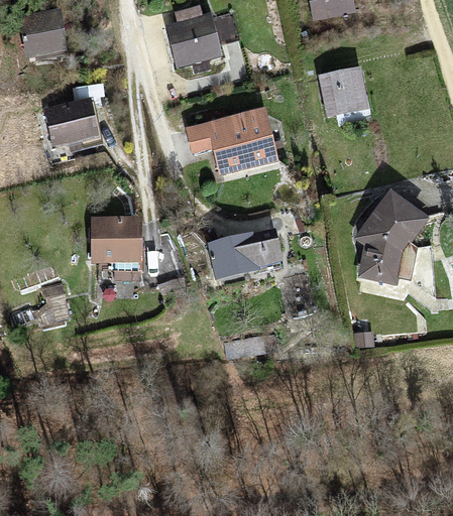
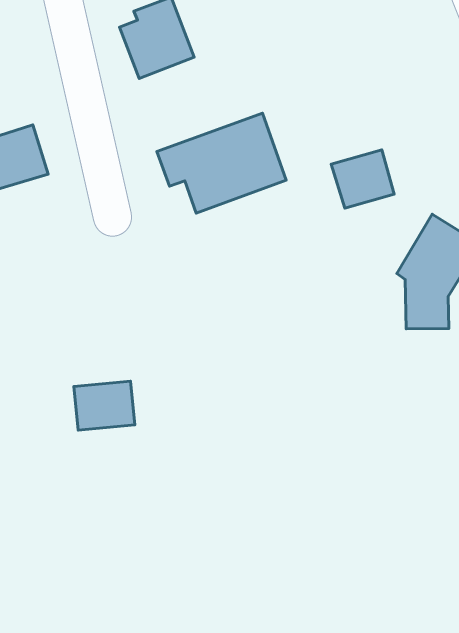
building: [323,71,368,112] -> [331,150,394,208]
building: [93,224,136,257] -> [74,381,135,430]
building: [209,235,276,282] -> none

